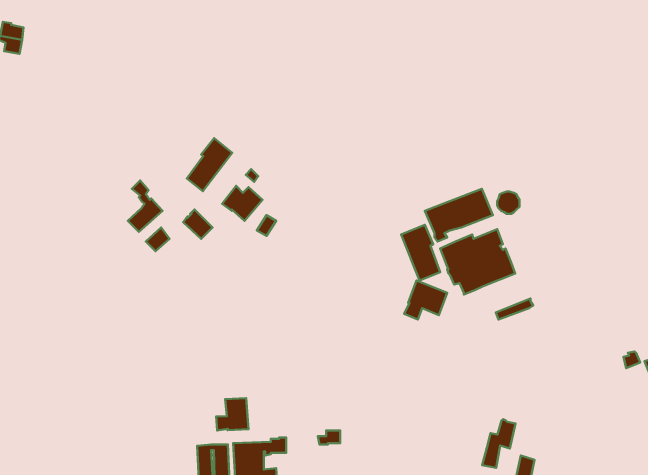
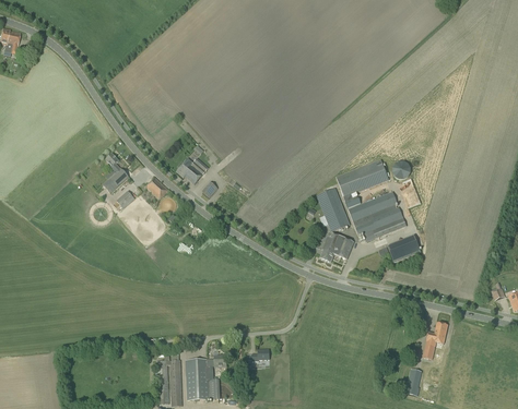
building: [187,138,232,191] -> none
building: [216,398,249,431] -> none
building: [482,419,516,468] -> [422,321,448,359]

